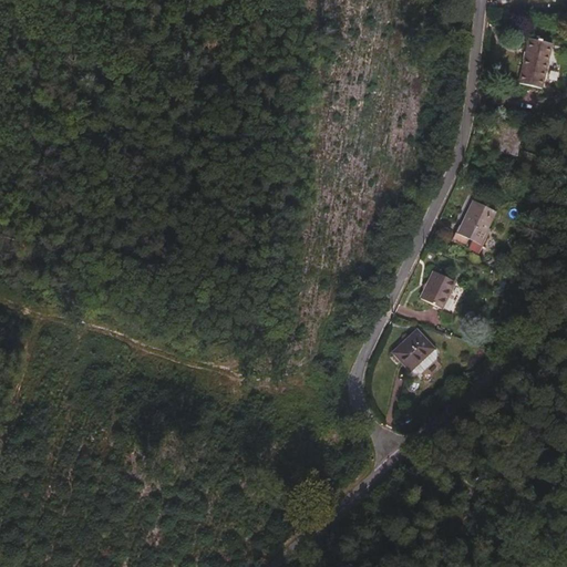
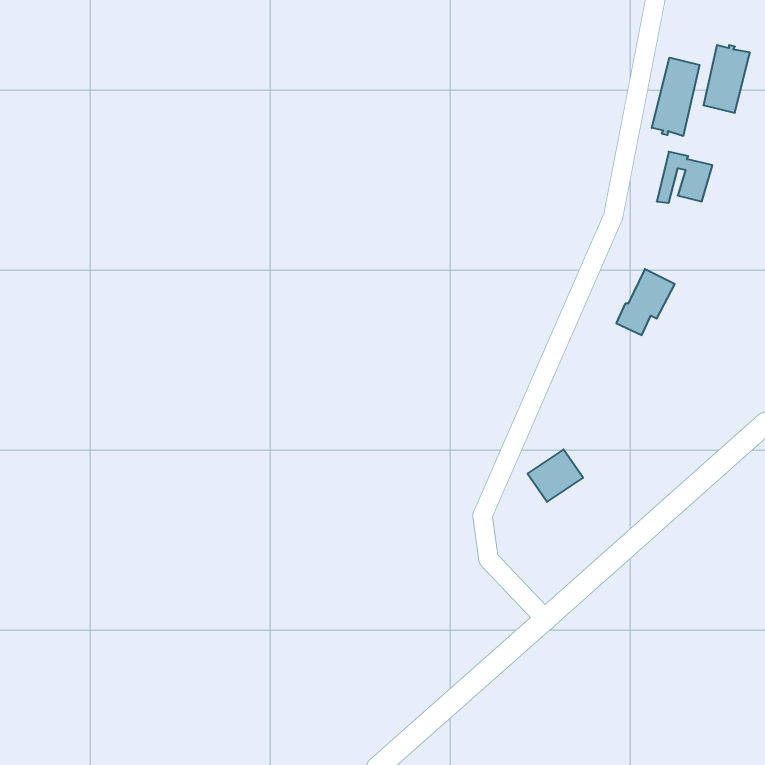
building: none -> [652,58,700,136]
building: [422,274,458,312] -> none

